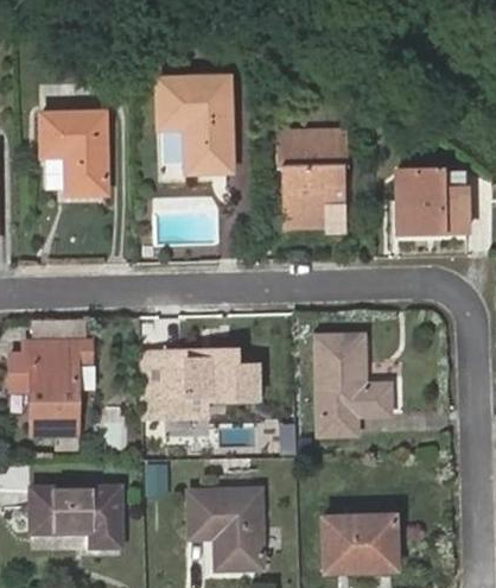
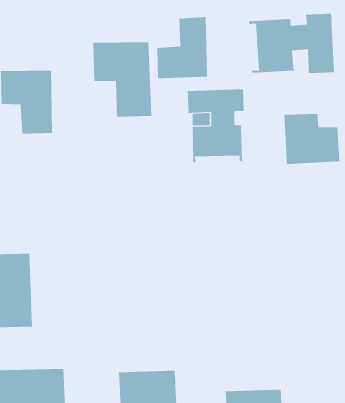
building: none -> [249,13,335,74]
building: none -> [157,16,208,79]
building: [318,335,390,434] -> none
building: [166,349,254,416] -> none

